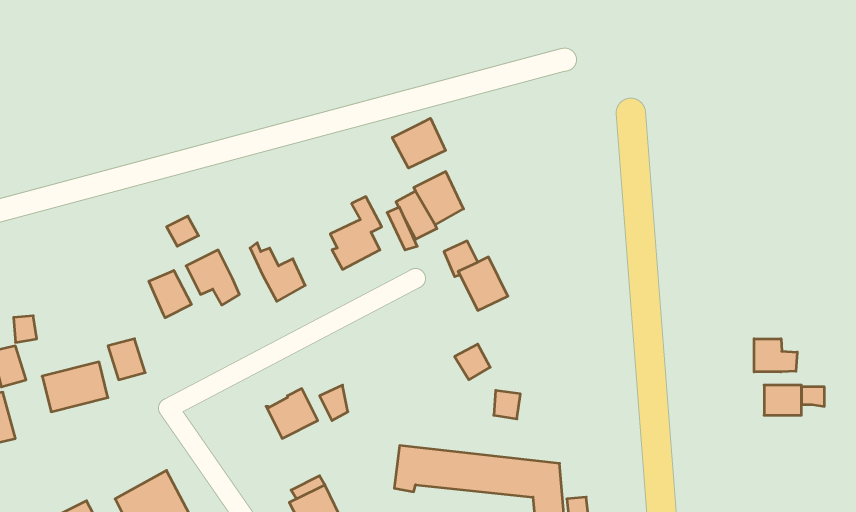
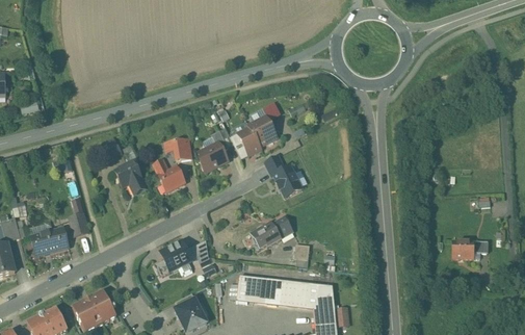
building: [392,118,446,168] -> none
building: none -> [162,136,192,160]
building: [149,270,191,318] -> none
building: [754,339,797,372] -> none
building: none -> [250,221,280,249]

